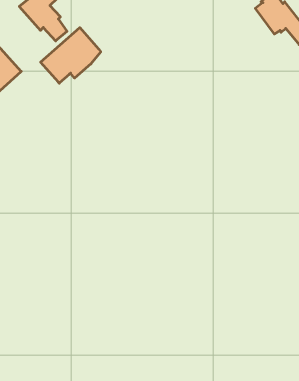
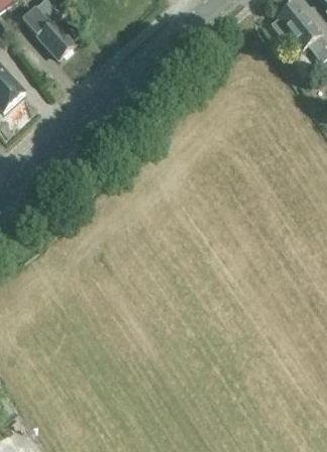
building: [41,28,101,83] -> none

